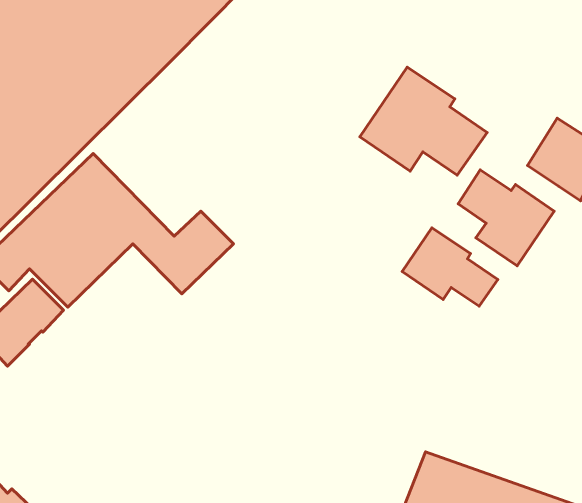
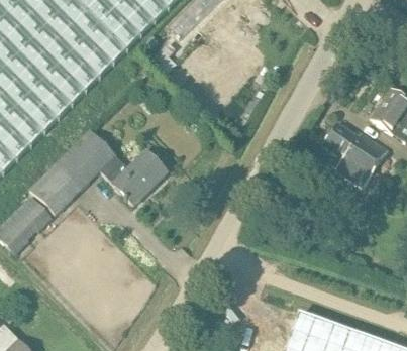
building: [360,67,487,175] -> none
building: [402,228,498,306] -> none

